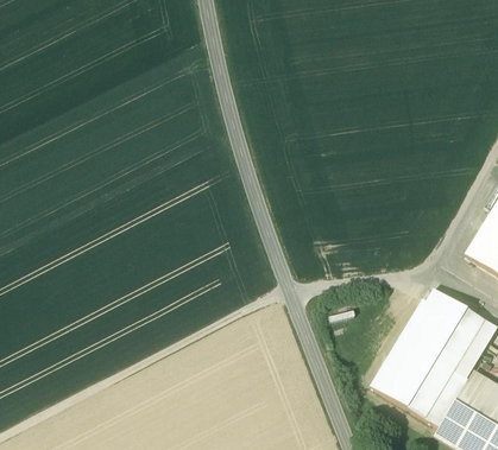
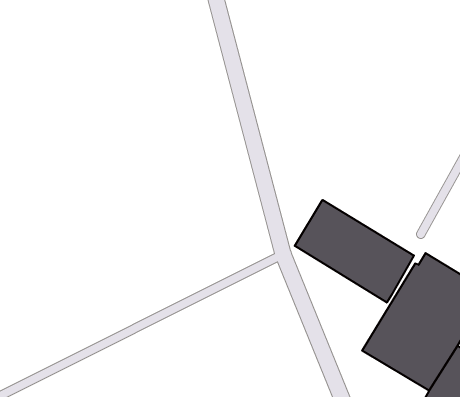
building: none -> [295,200,414,303]

